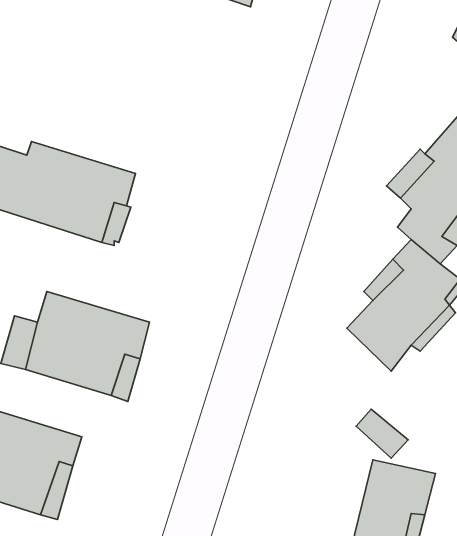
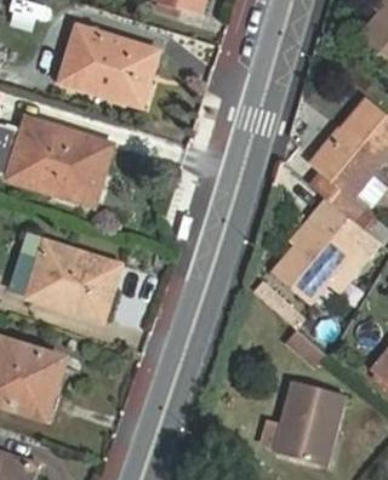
building: none -> [56,23,164,105]

